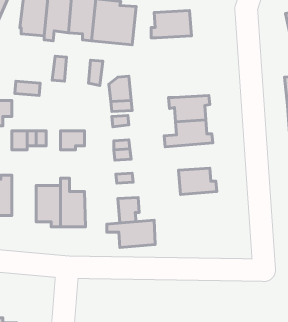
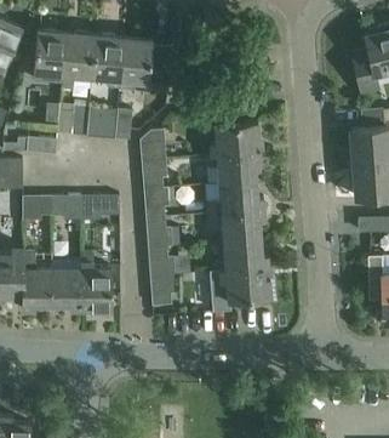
building: [151,10,191,38] -> [211,121,259,154]
building: none -> [86,106,118,137]
building: none -> [207,209,265,241]
building: none -> [23,251,52,311]
building: [107,220,155,247] -> [212,267,270,300]

